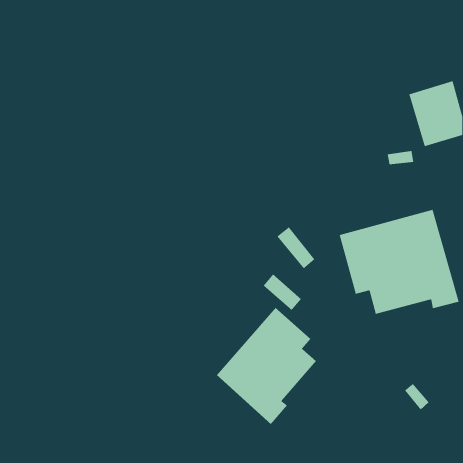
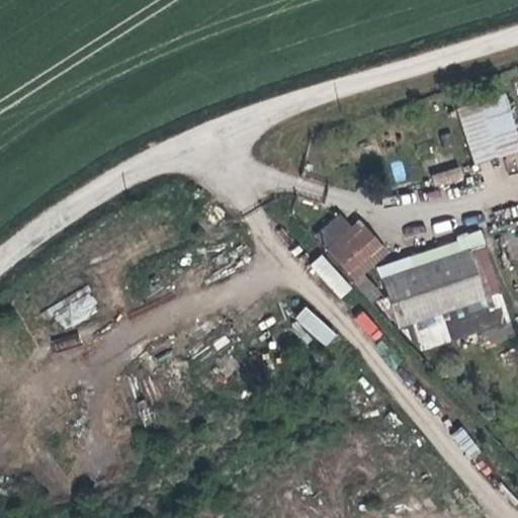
building: none -> [314,207,383,280]
building: [216,307,317,425] -> none

